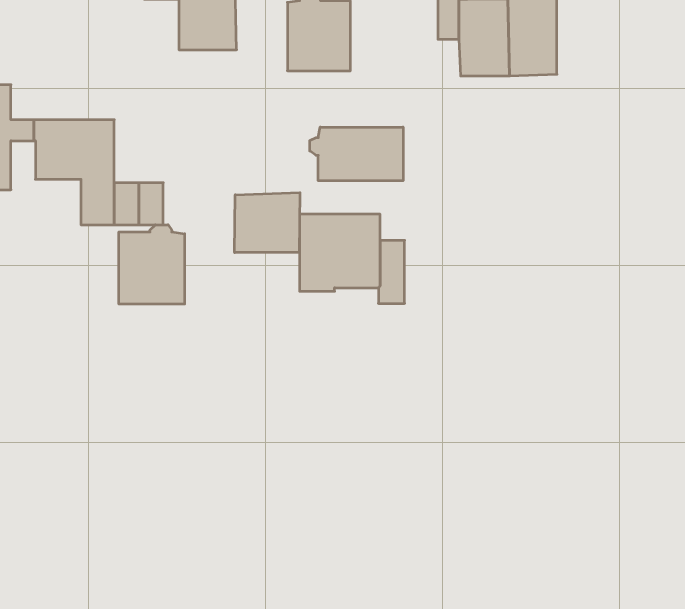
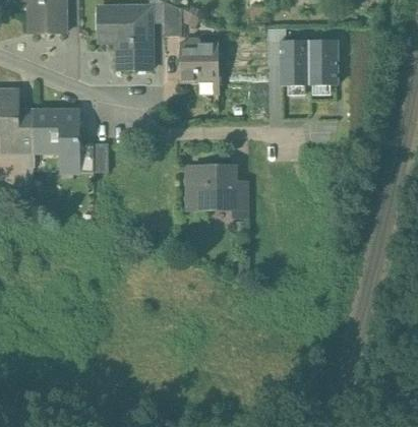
building: [310,127,403,181] -> none
building: [235,193,300,253] -> none
building: [119,225,185,304] -> none

